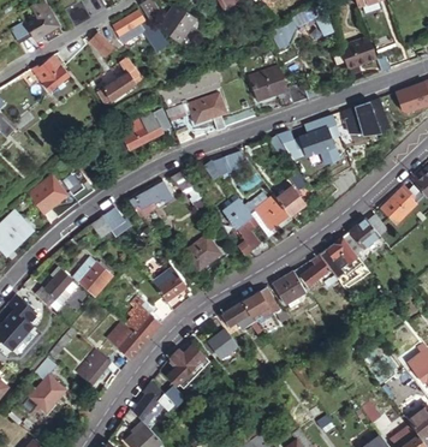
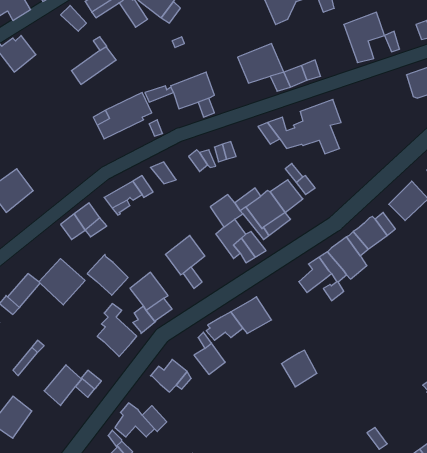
building: [340,99,388,132] -> none
building: [273,272,304,304] -> [281,350,317,387]
building: [107,321,143,357] -> [87,254,128,295]

